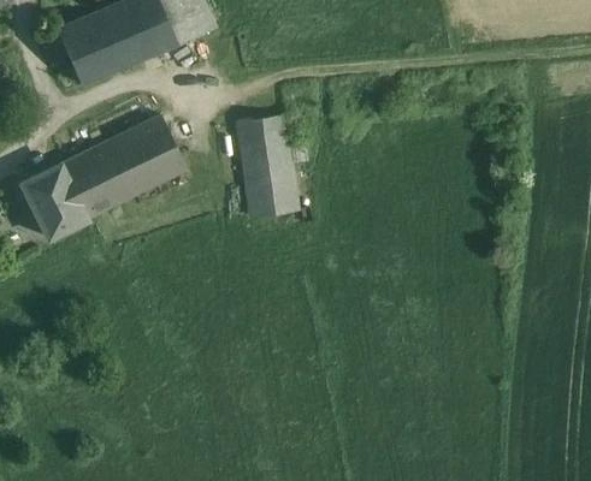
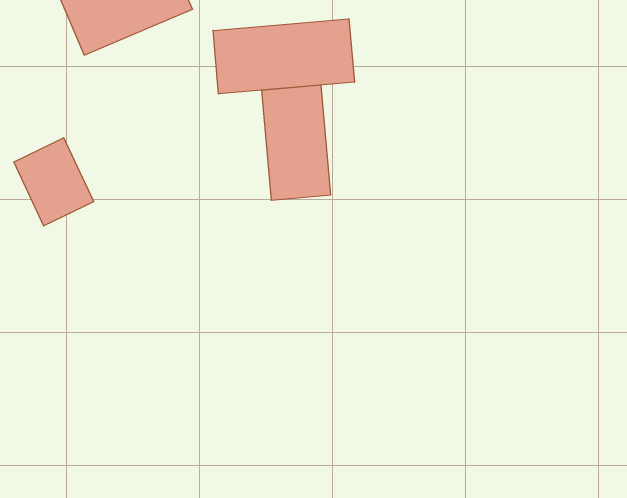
building: none -> [213,19,354,94]
building: [63,114,187,216] -> none

